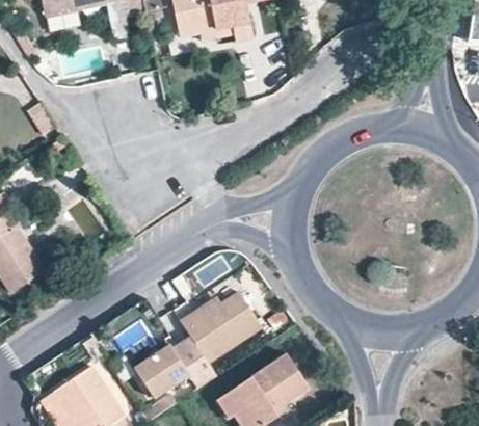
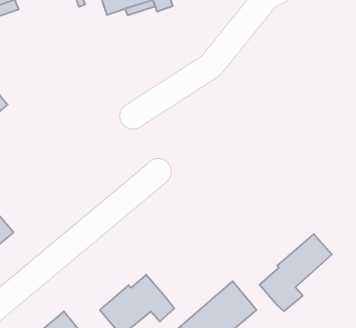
building: [180,292,262,364] -> none
building: none -> [260,234,332,311]

